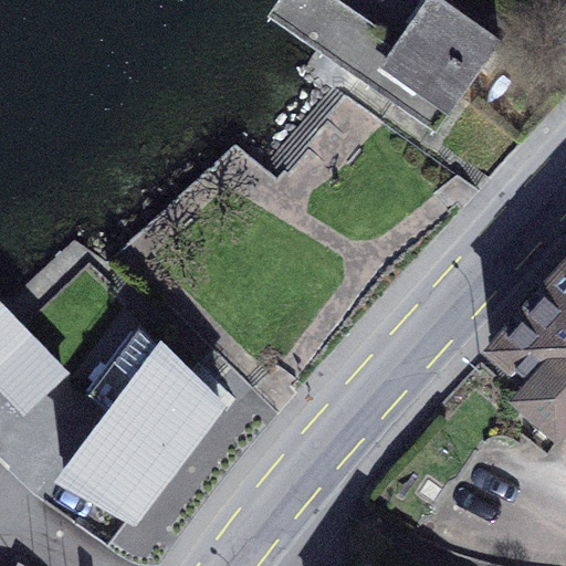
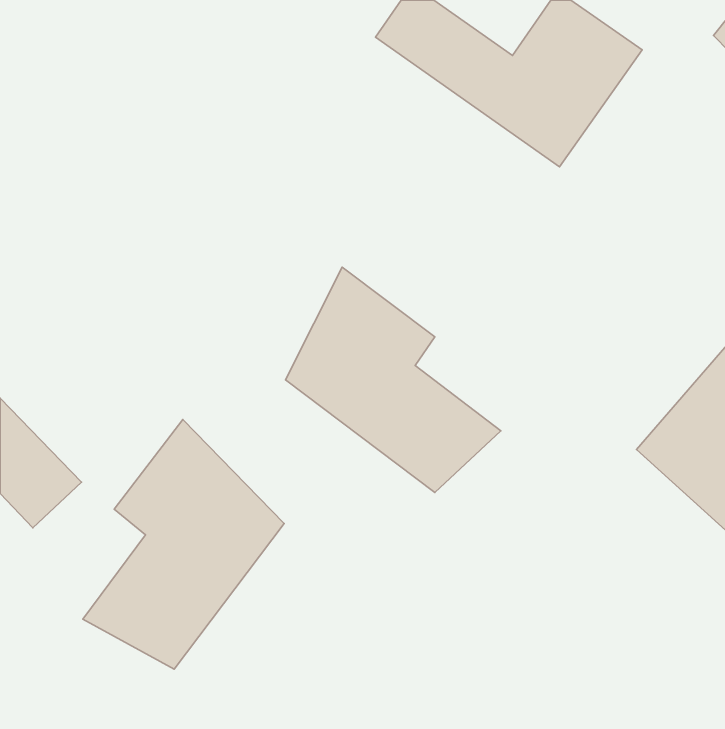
building: none -> [285,267,501,492]

